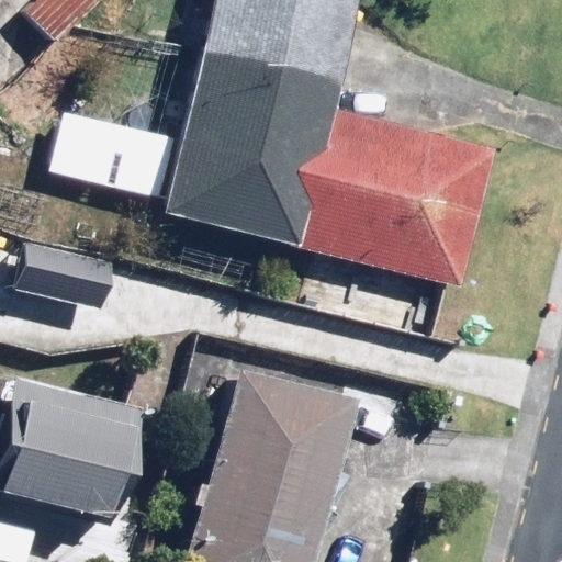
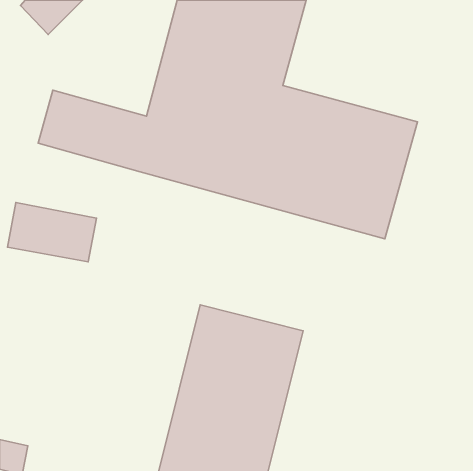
building: [11,381,148,509] -> none

